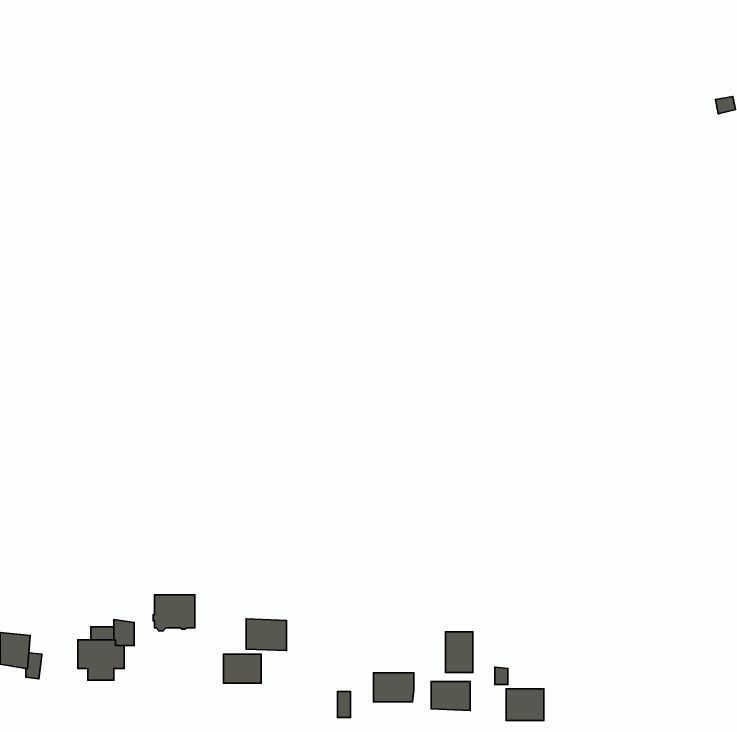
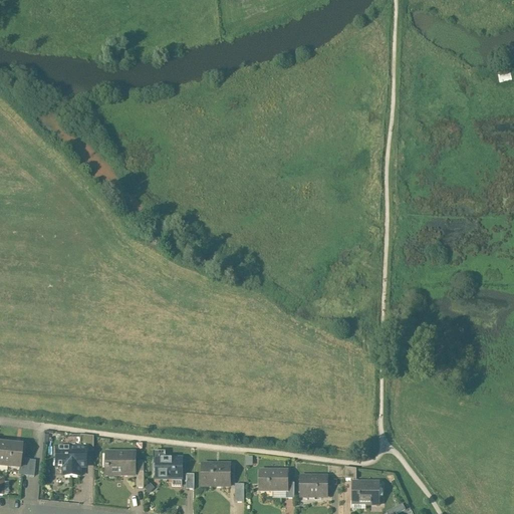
building: [153,595,195,631] -> [105,450,135,475]
building: [246,619,287,651] -> [202,462,230,484]
building: [446,632,473,673] -> none

